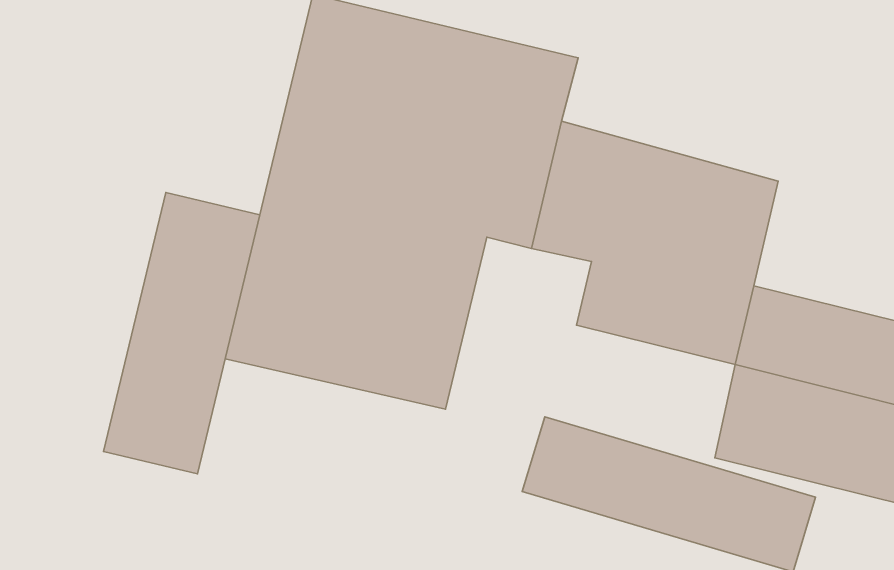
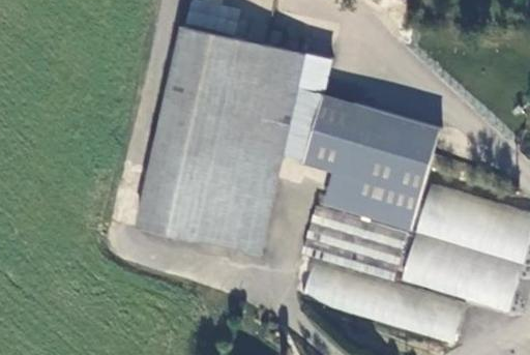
building: [103,192,260,474] -> none
building: none -> [298,203,416,279]

